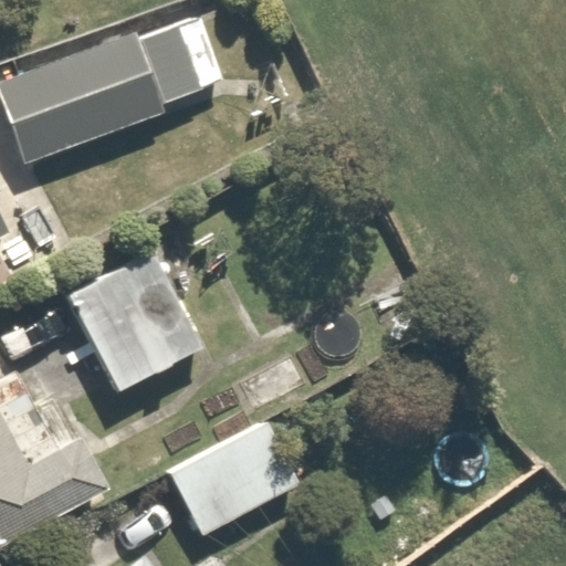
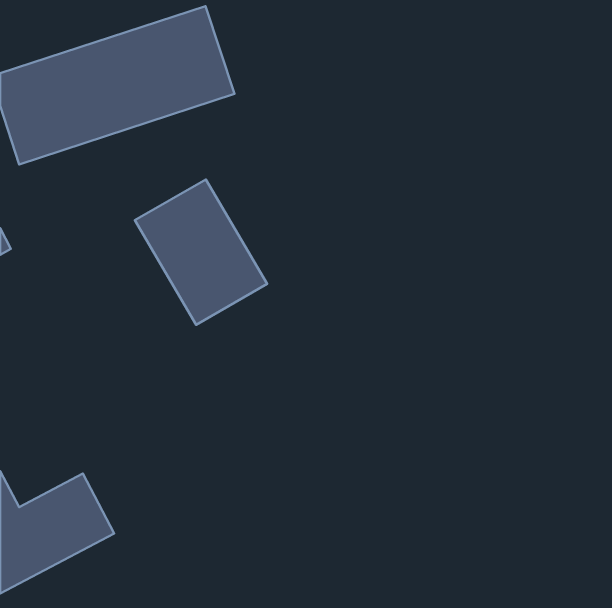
building: [78,252,200,386] -> [135,179,267,325]
building: [168,419,298,537] -> none

